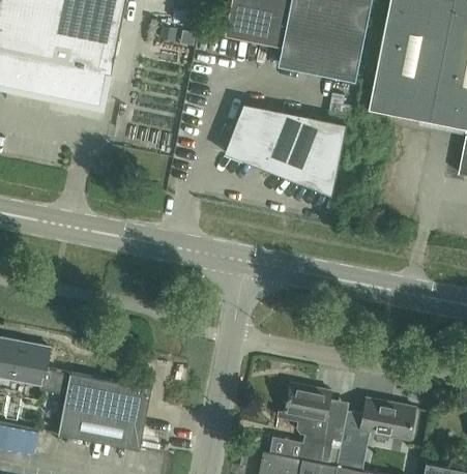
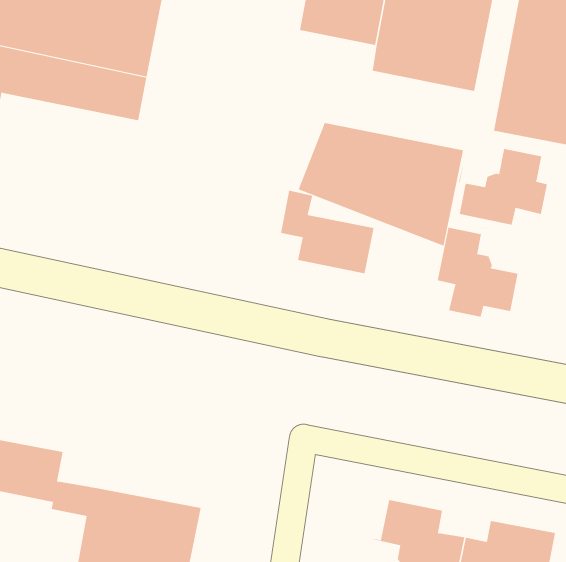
building: none -> [459,148,547,225]
building: none -> [280,190,374,274]
building: none -> [437,227,518,317]

